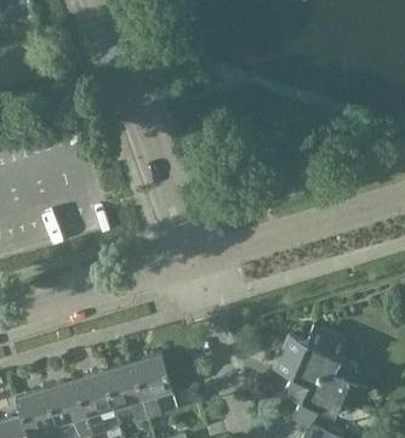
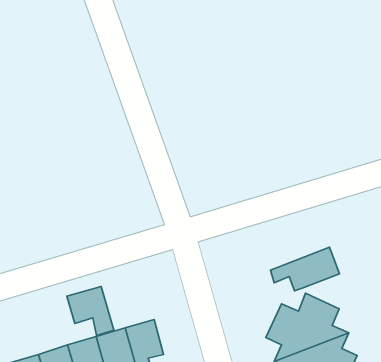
building: none -> [270,247,339,291]
building: none -> [67,287,114,335]

